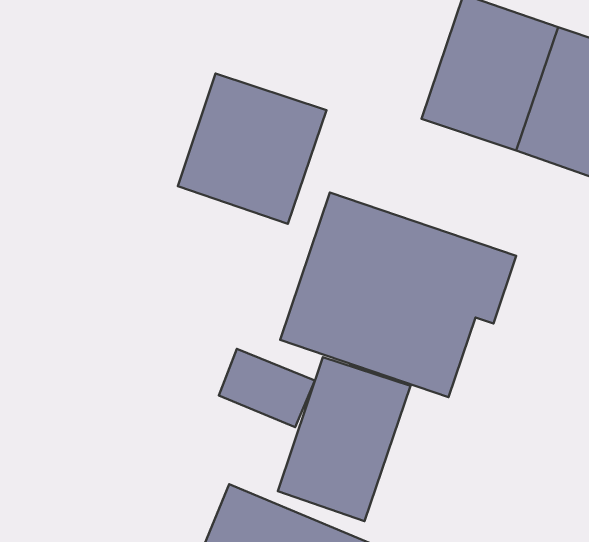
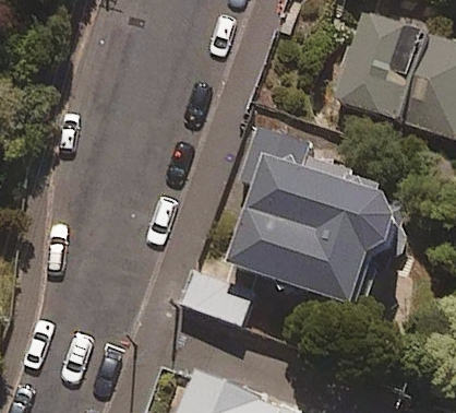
building: [178,73,326,224] -> none
building: [278,357,410,521] -> none

